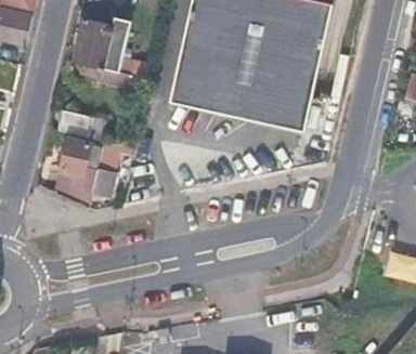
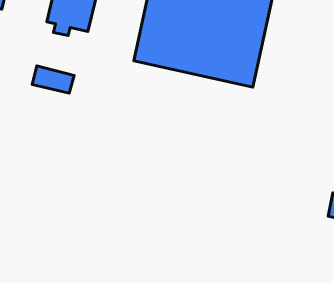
building: [55,137,131,205] -> none

